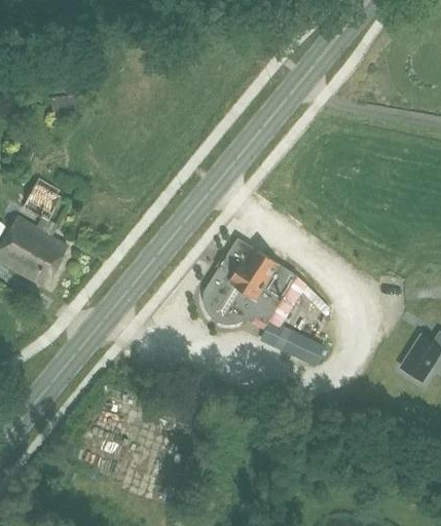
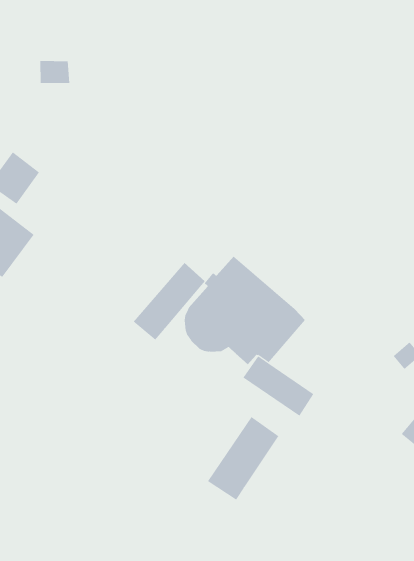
building: none -> [133,262,205,340]
building: none -> [207,416,279,501]

